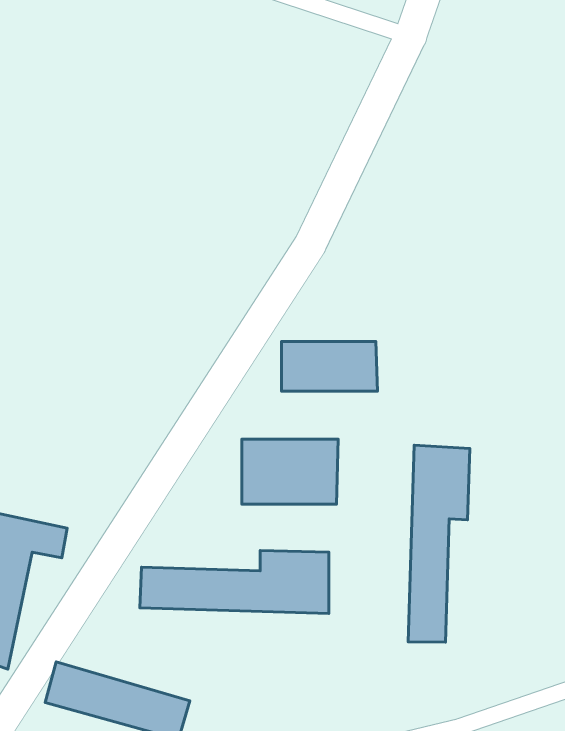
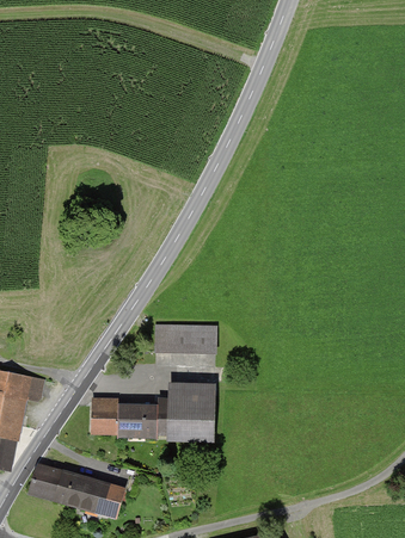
building: [281,342,378,391] -> none
building: [408,445,470,642] -> none

